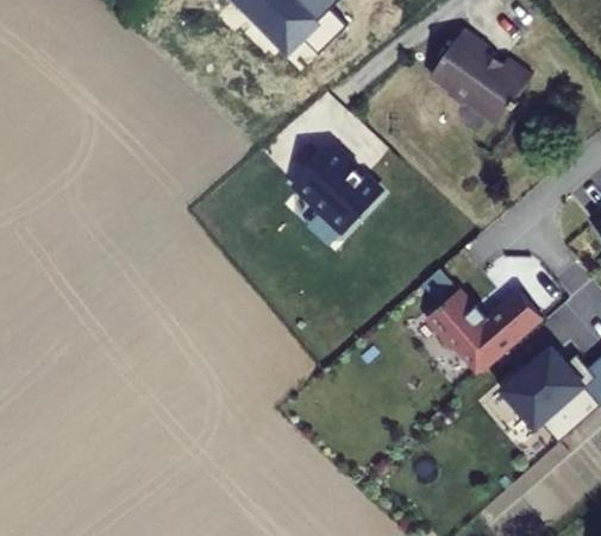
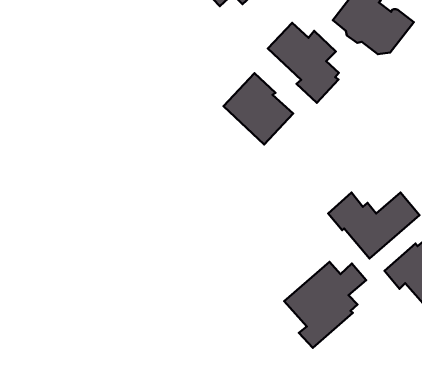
building: none -> [268,23,339,103]
building: none -> [284,262,366,348]

